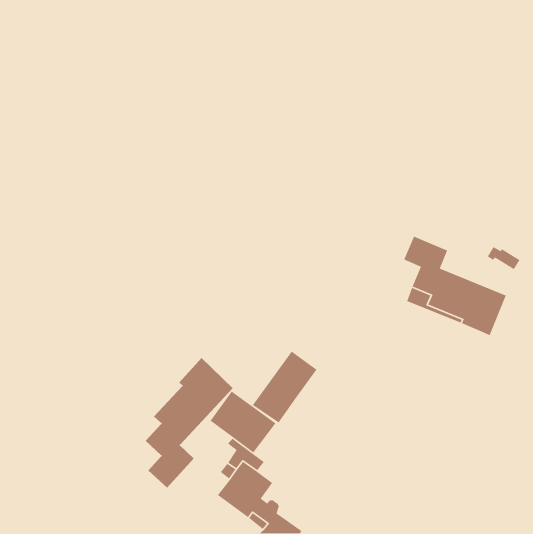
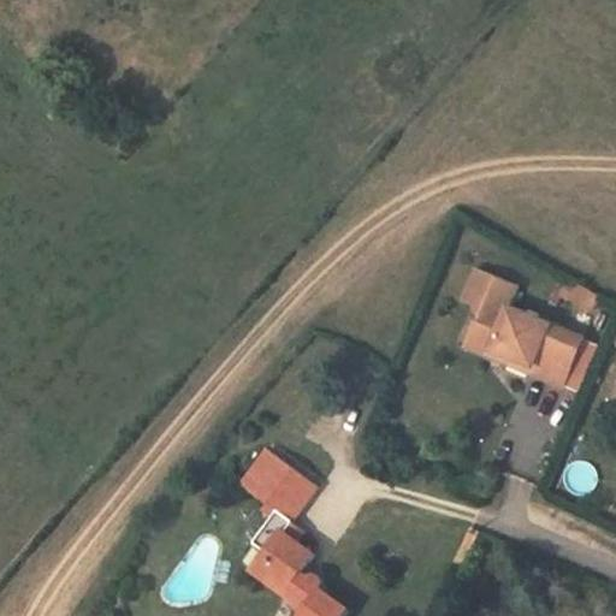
building: [252,351,318,424] -> none
building: [145,357,234,489] -> none

